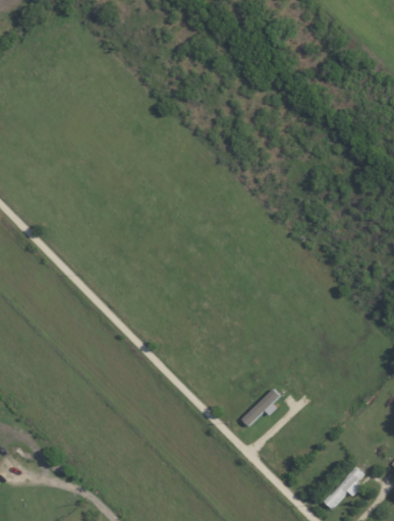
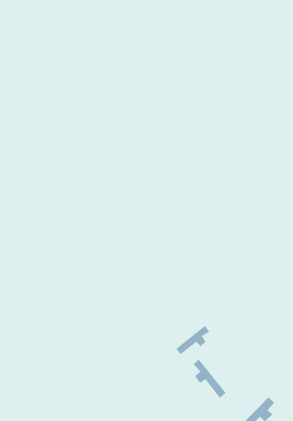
building: none -> [193,359,226,398]

